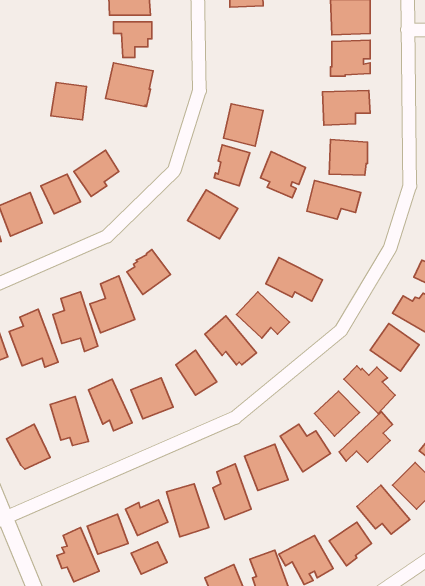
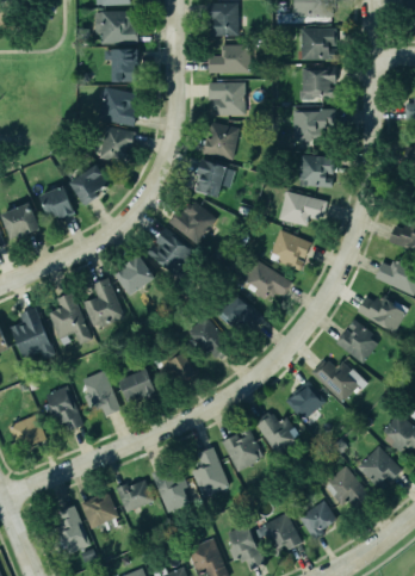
building: none -> [208,44,249,73]
building: none -> [208,82,244,116]
building: [51,83,87,120] -> [99,126,131,160]
building: [261,151,305,198] -> [270,228,310,270]
building: none -> [147,230,196,277]
building: [339,412,393,462] -> none
building: [131,542,167,574] -> none

